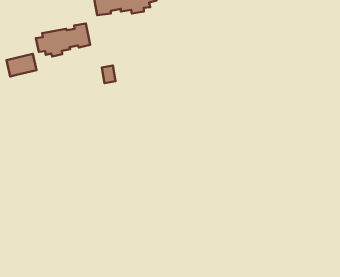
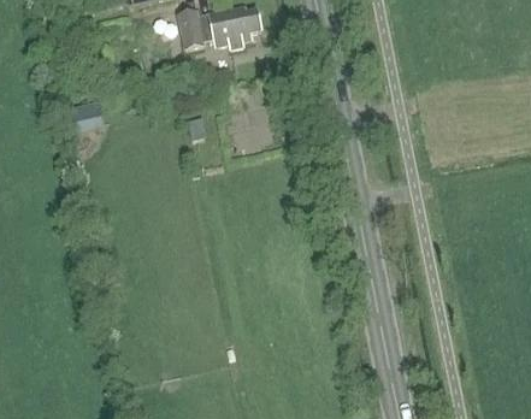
building: [36,23,90,56] -> none

